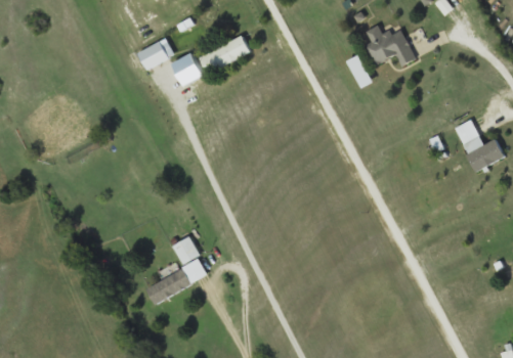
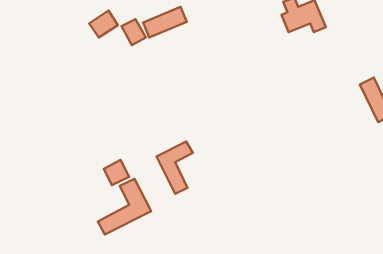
building: none -> [156,141,193,194]
building: none -> [104,160,129,185]

